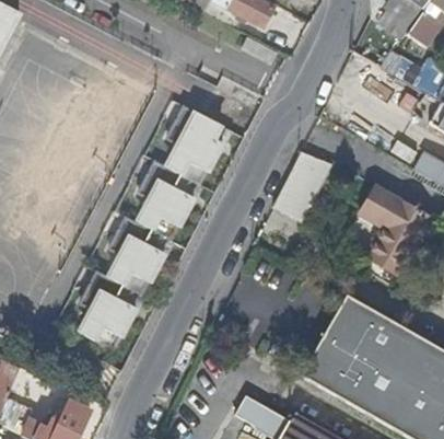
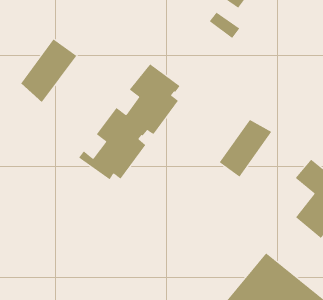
building: none -> [21,39,77,103]
building: [79,226,165,351] -> none

